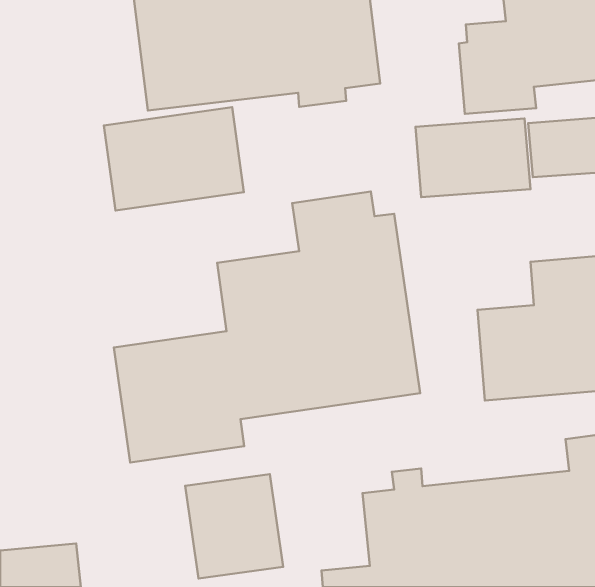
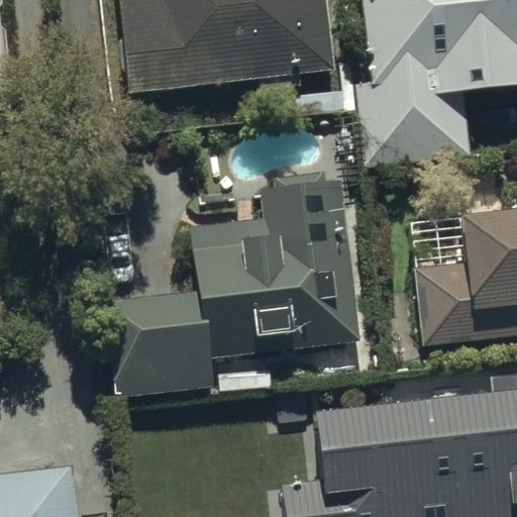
building: [104,107,244,211] -> none
building: [185,474,283,579] -> none

